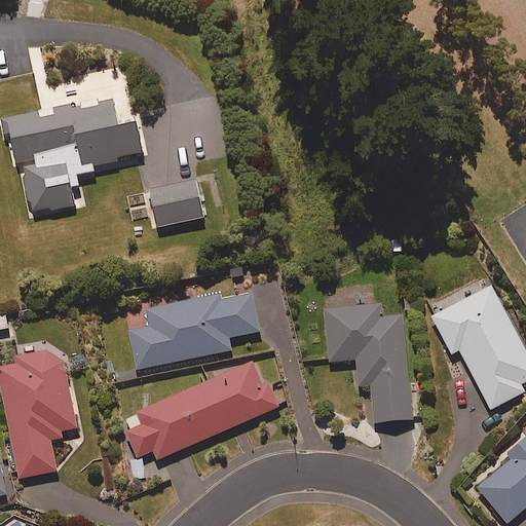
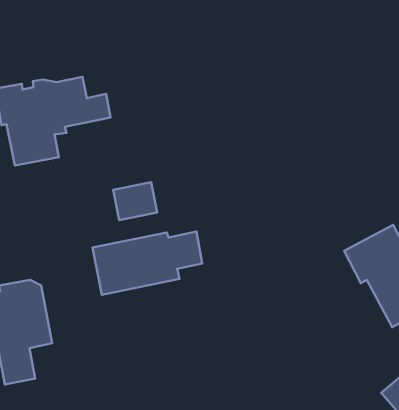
building: [149,180,202,226] -> [113,182,157,220]
building: [325,303,412,422] -> none
building: [125,361,278,477] -> none

